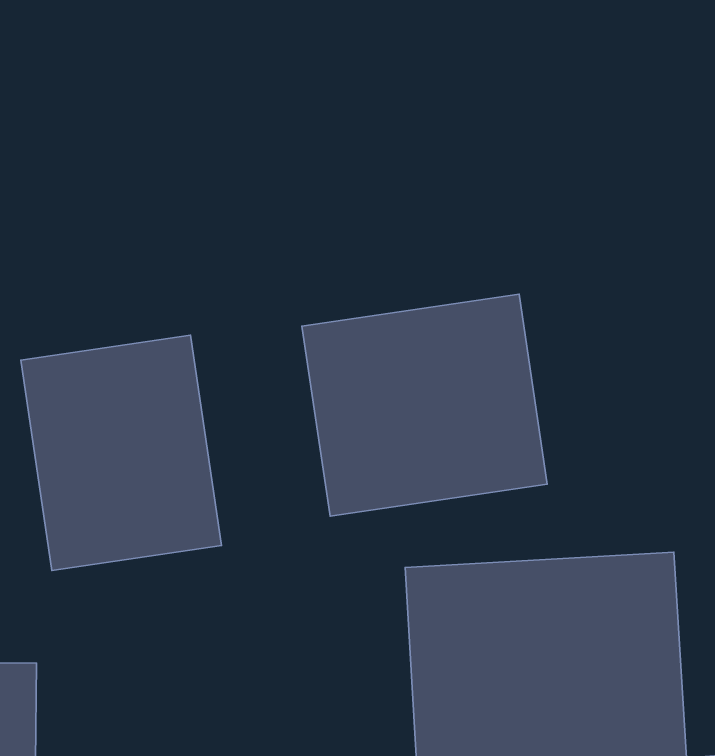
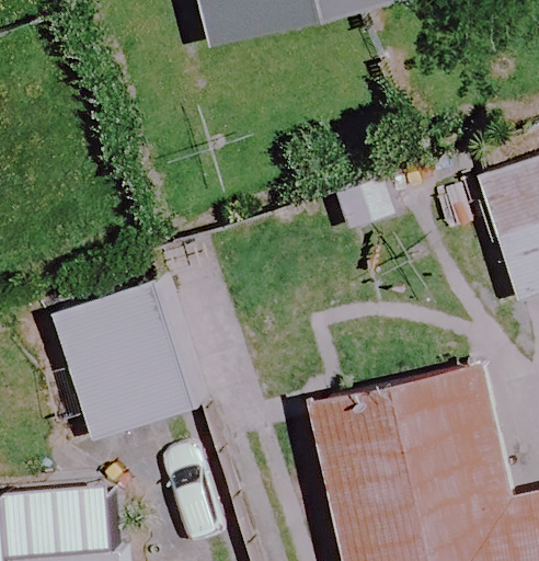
building: [302,294,547,516] -> none

